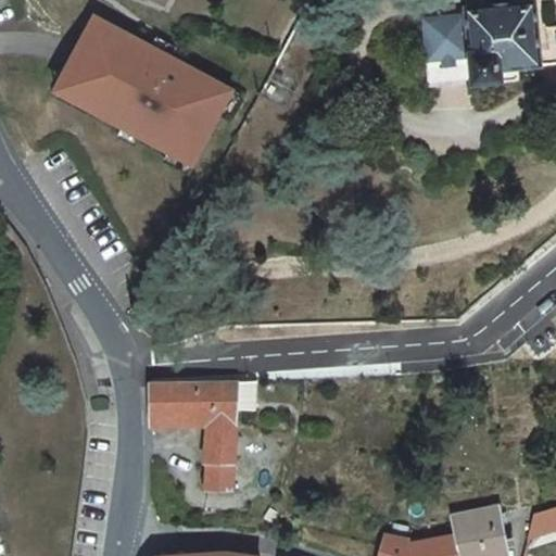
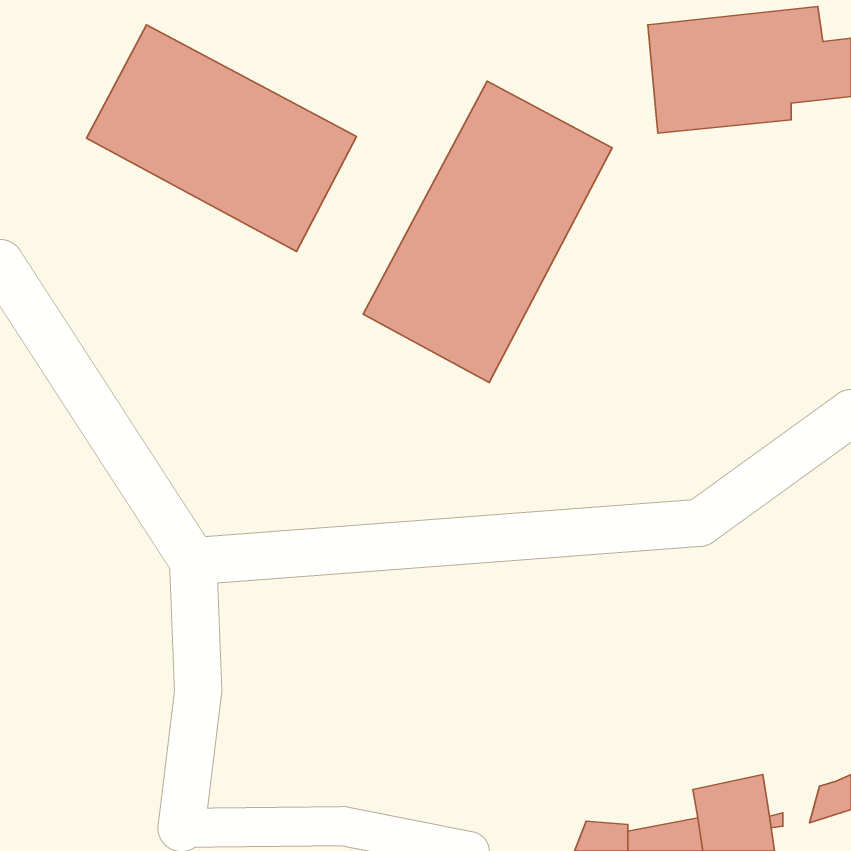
building: none -> [363,81,612,382]
building: [149,386,237,494] -> none

